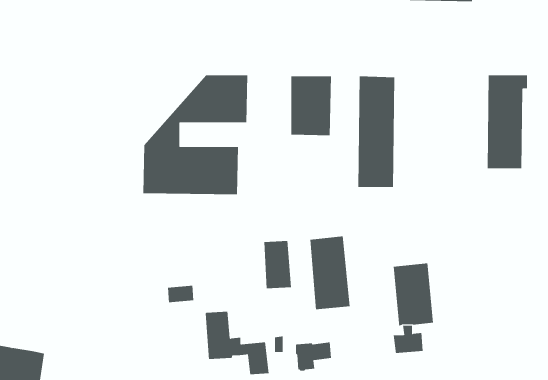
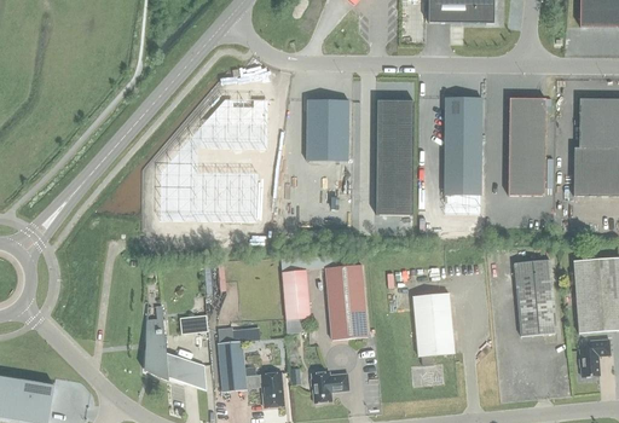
building: none -> [444,97,481,214]
building: none -> [513,259,555,334]
building: none -> [144,305,206,389]

